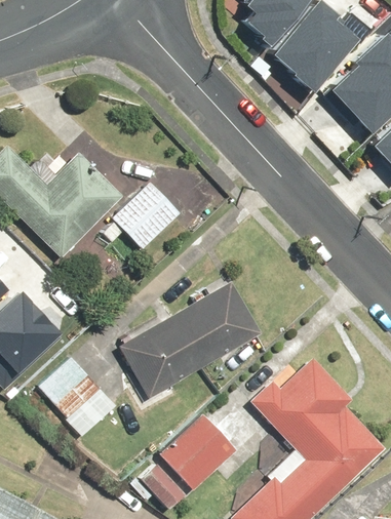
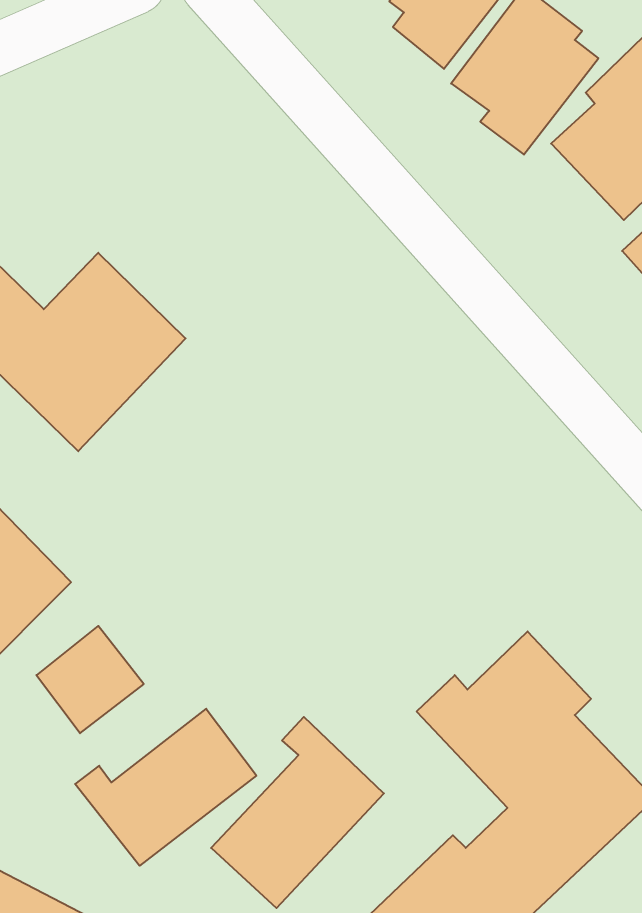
building: [99,183,182,254] -> none
building: [118,282,266,400] -> none
building: none -> [75,709,256,866]

